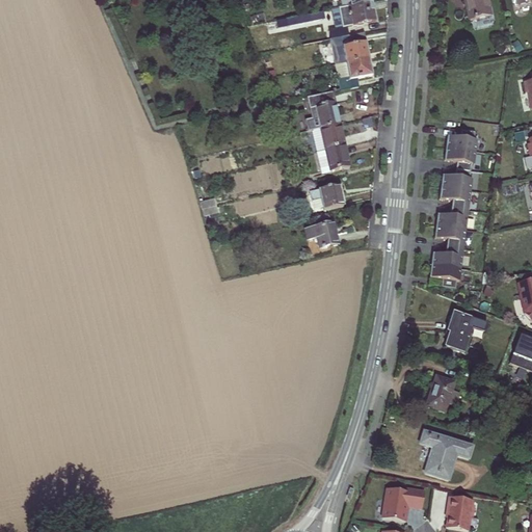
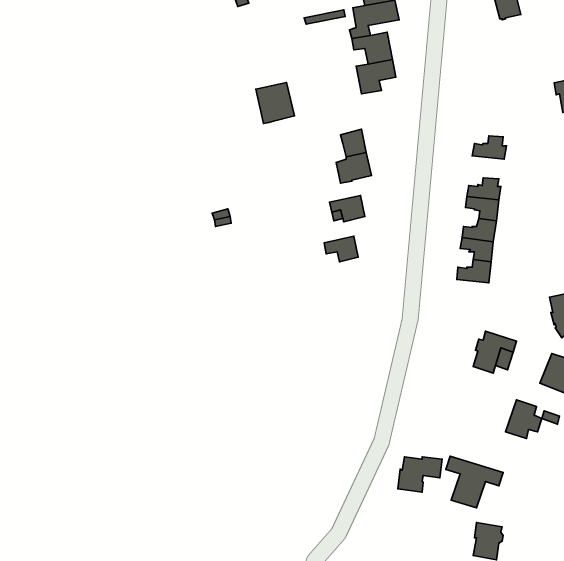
building: [304,90,341,129] -> [256,83,294,123]
building: [444,147,475,168] -> none
building: [429,263,460,286] -> none
building: [426,374,460,410] -> [505,400,542,438]
building: [381,485,423,518] -> [398,457,442,492]

